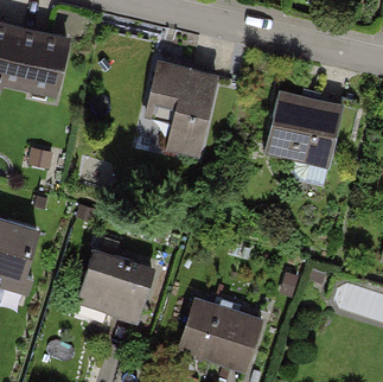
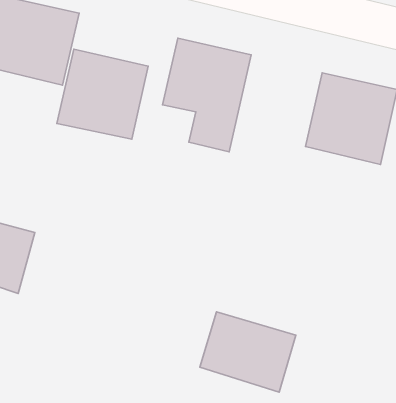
building: none -> [57,49,148,139]
building: [76,242,152,314] -> none

